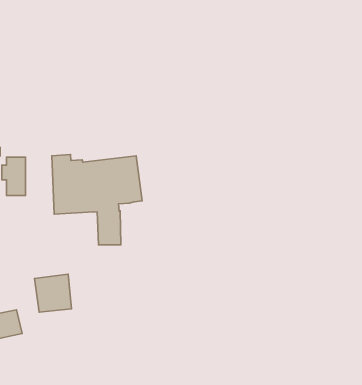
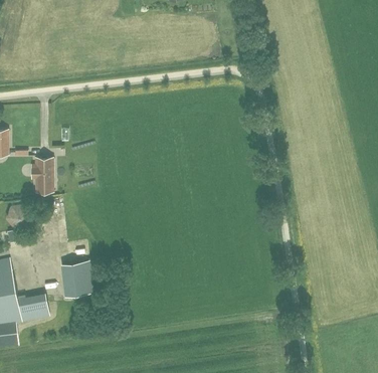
building: [52,154,142,245] -> none

